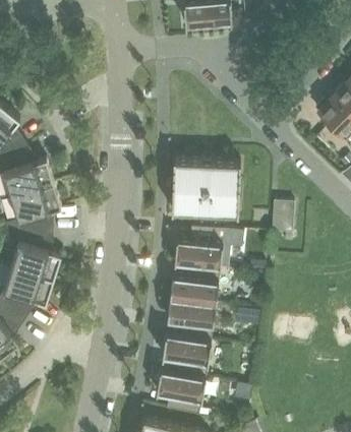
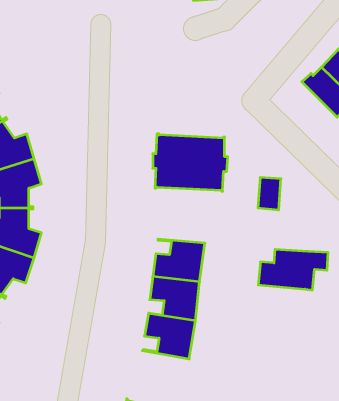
building: [173,229,241,268] -> [258,249,328,290]
building: [155,372,203,417] -> none

